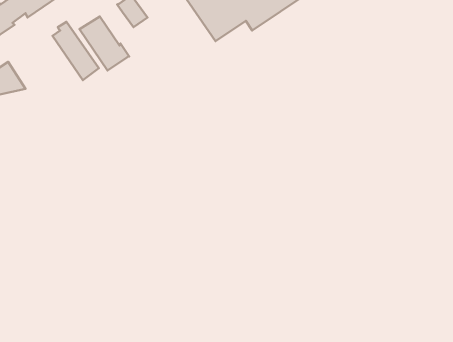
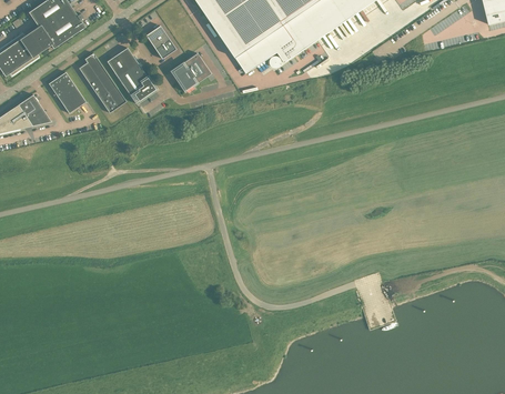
building: none -> [169,53,210,92]
building: none -> [48,72,84,113]

